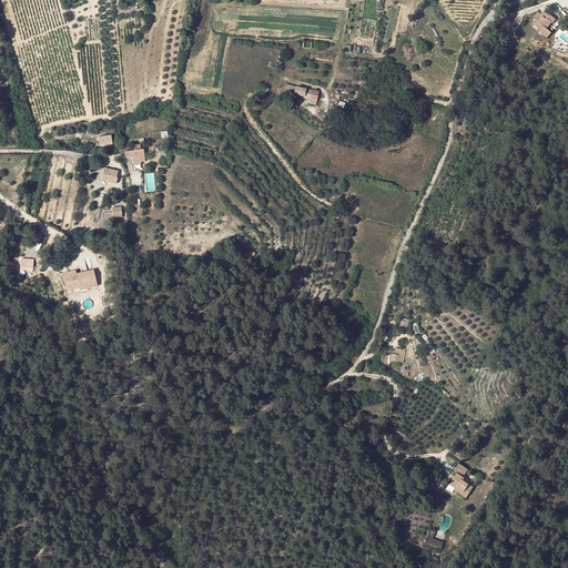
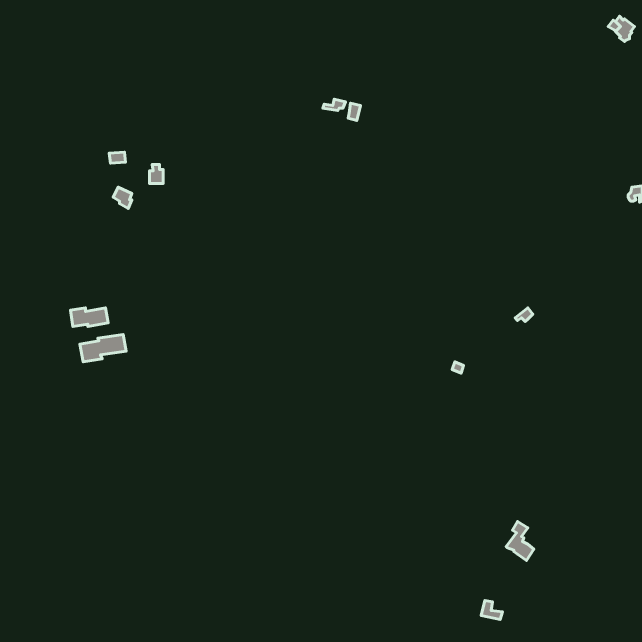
building: none -> [80,335,126,362]

